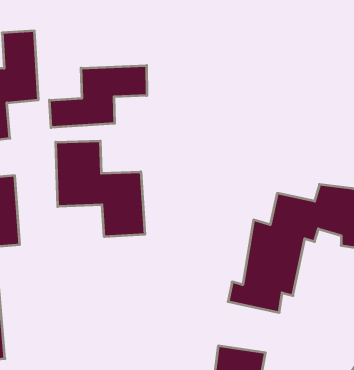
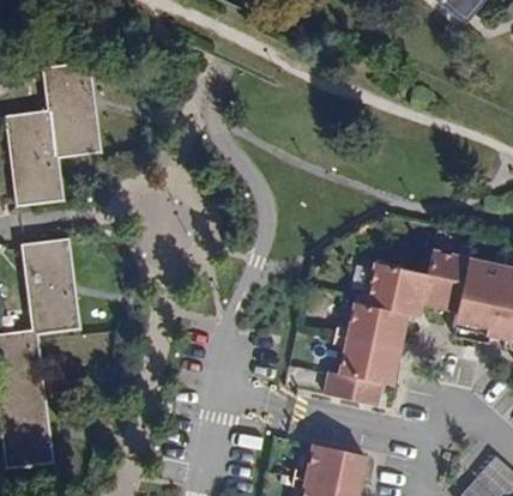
building: [49,65,147,128] -> none
building: [56,141,145,237] -> none

